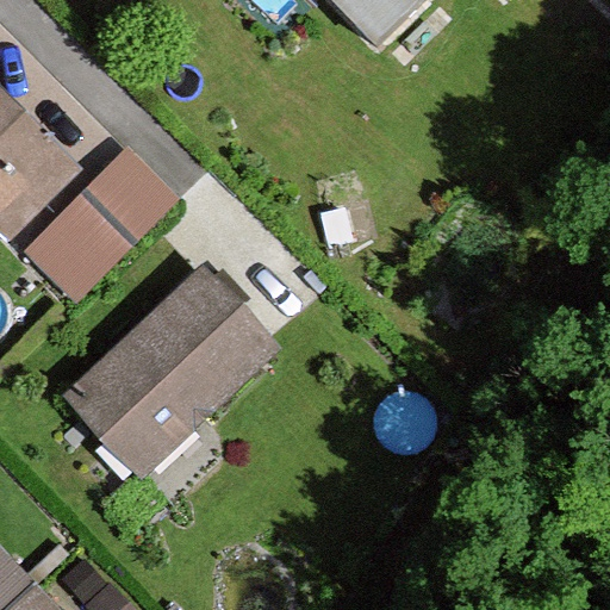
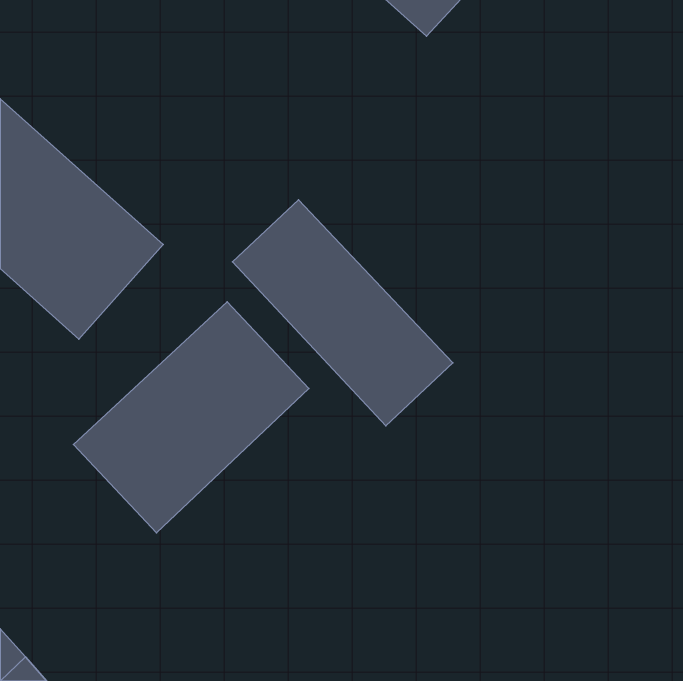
building: none -> [232,200,453,426]

